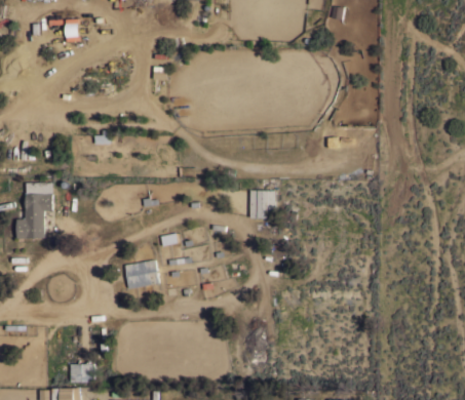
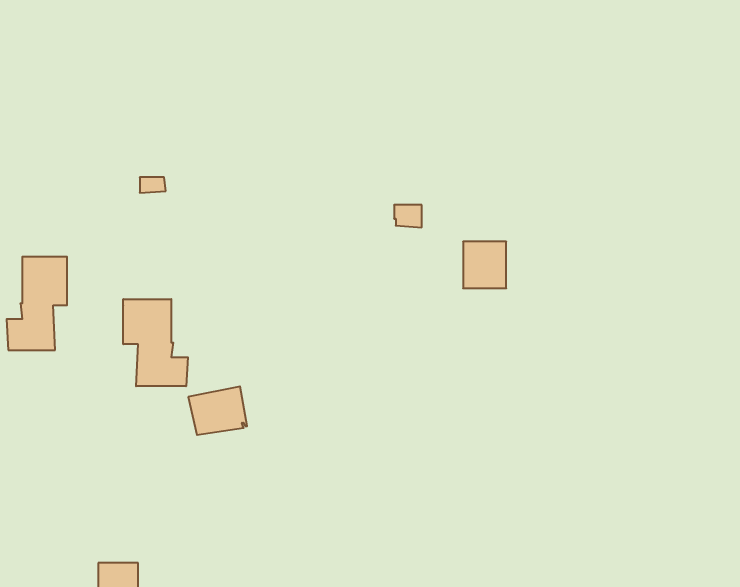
building: [249,191,275,218] -> [463,242,506,288]
building: none -> [123,299,188,386]

